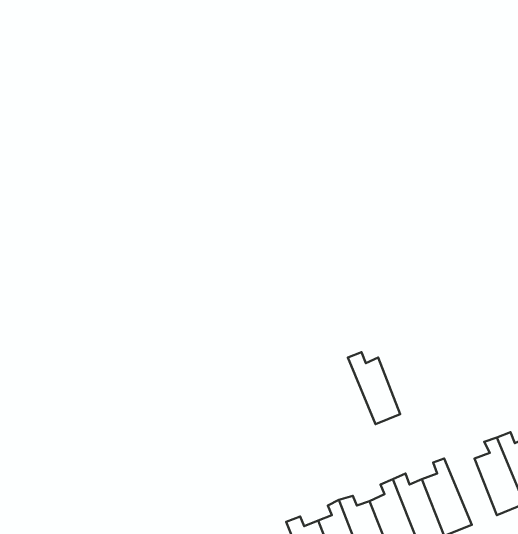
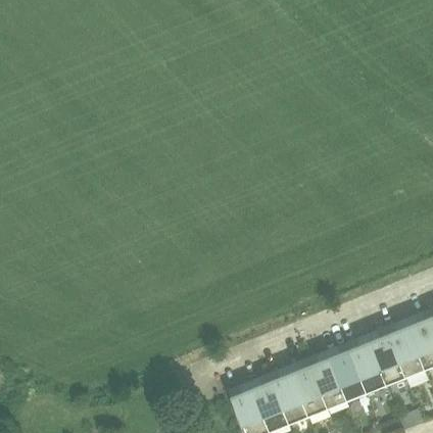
building: [348,352,400,424] -> [344,341,383,394]

